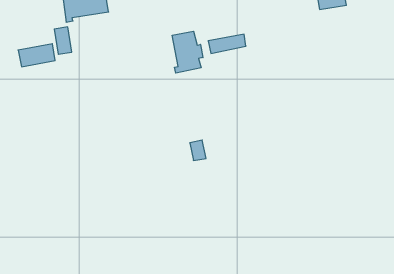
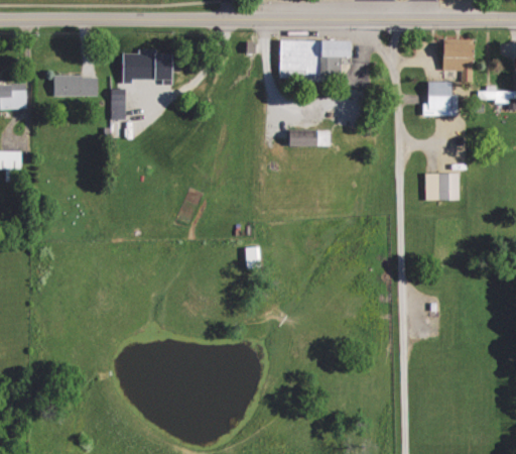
building: [172,31,203,73] -> none
building: [18,44,55,67] -> [53,75,95,96]
building: none -> [424,173,459,200]

